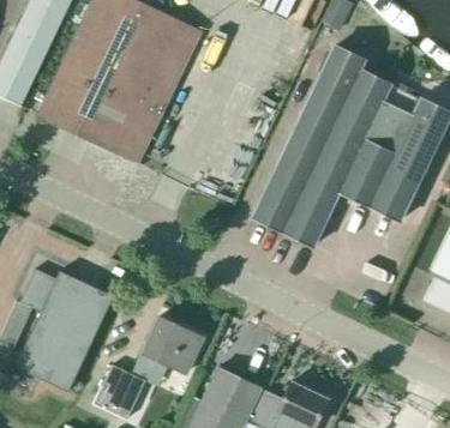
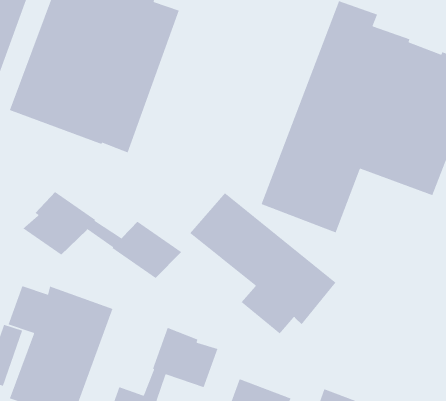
building: none -> [22,191,182,279]
building: none -> [189,192,336,334]

